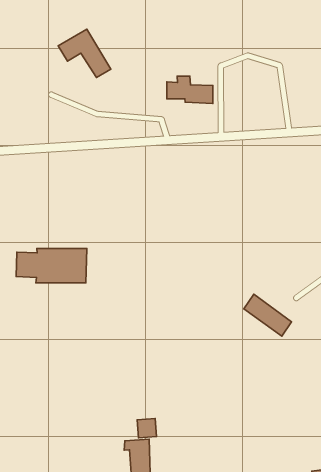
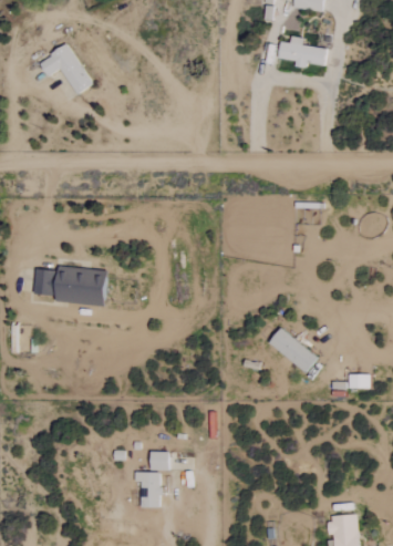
building: [58,29,111,78] -> [39,44,92,95]
building: [167,76,213,104] -> [278,37,327,68]

